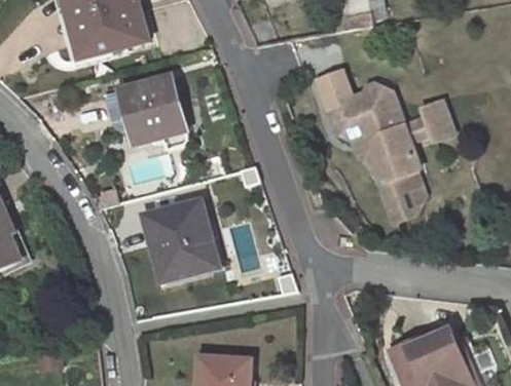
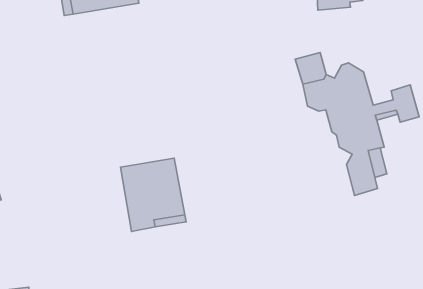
building: [120,76,186,143] -> none

